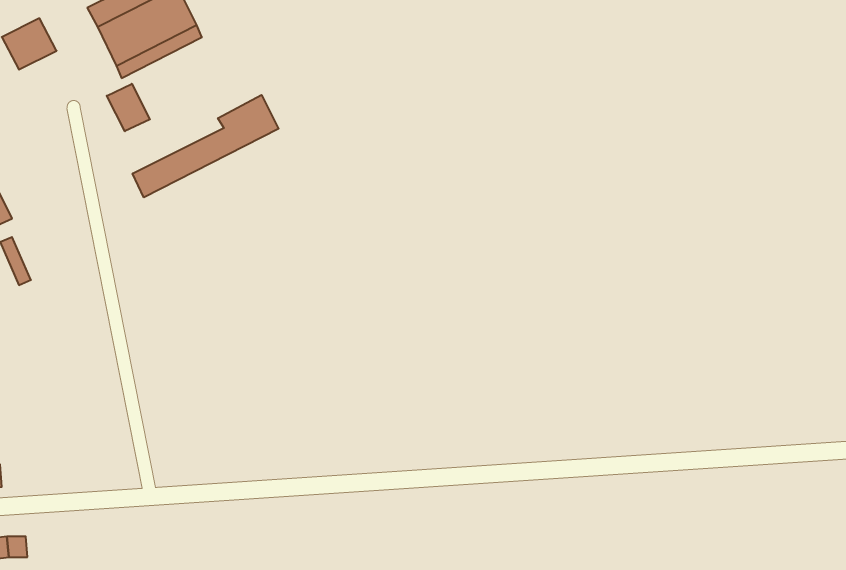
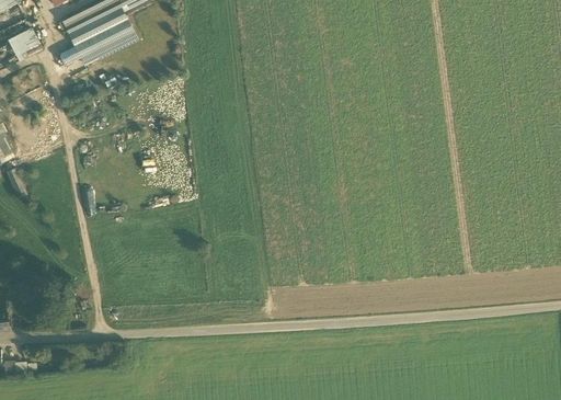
building: [107,84,150,131] -> none
building: [133,95,279,197] -> none

